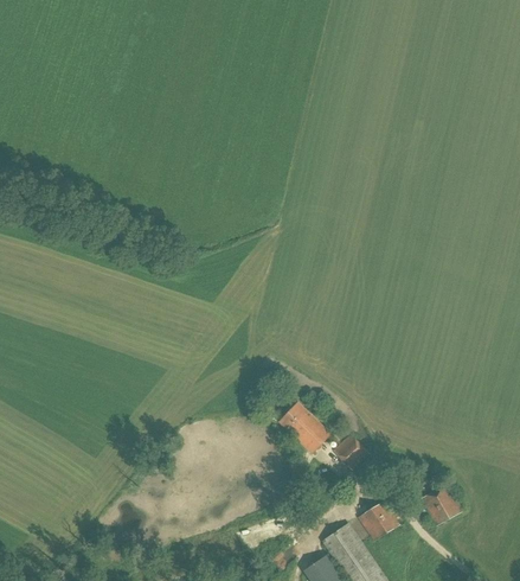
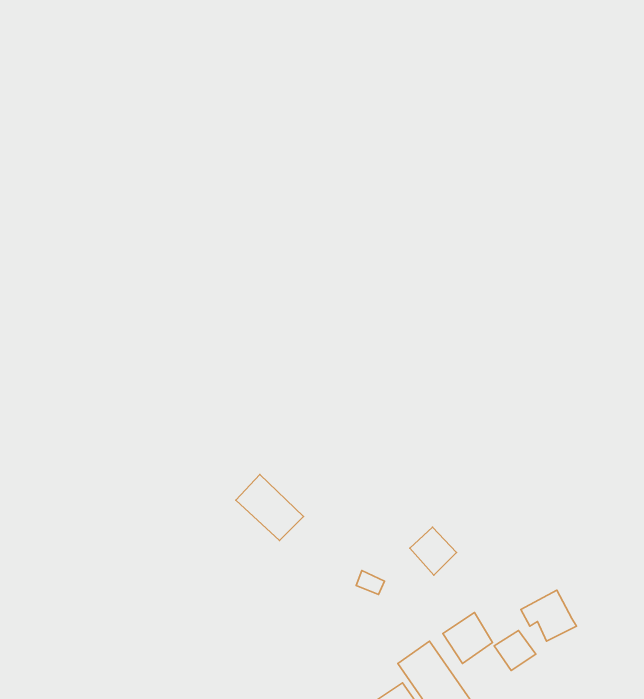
building: [276,401,329,453] -> [236,475,303,541]
building: none -> [494,630,536,671]

